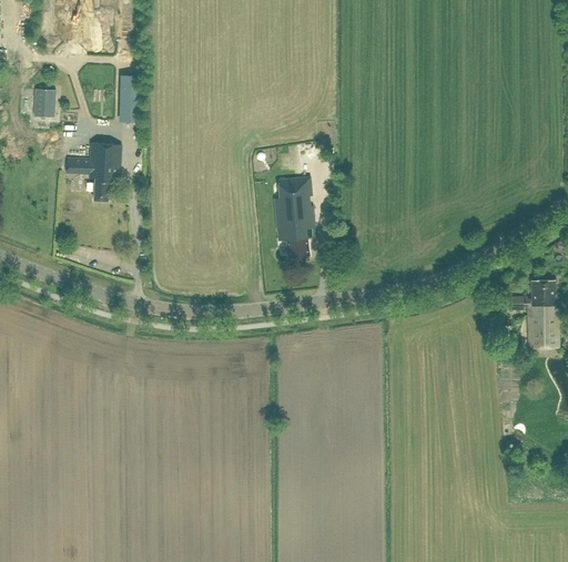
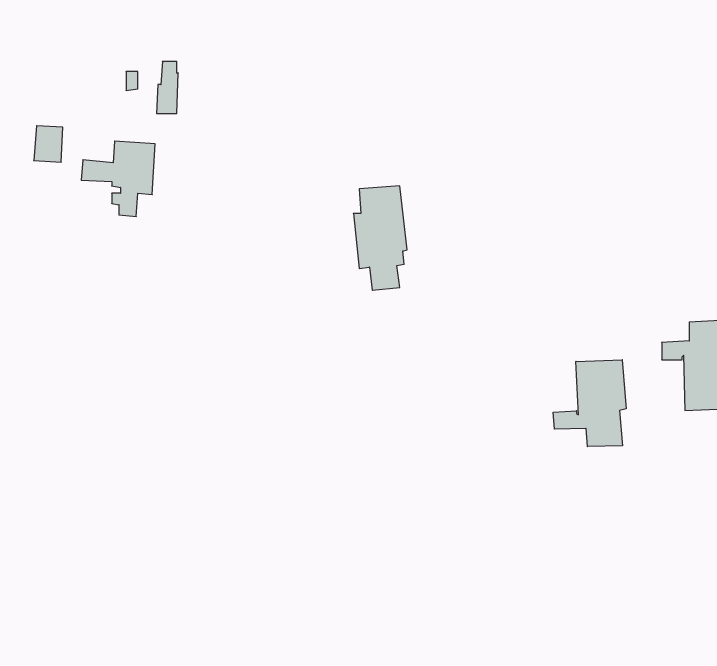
building: [32,88,54,115] -> [34,126,63,162]
building: none -> [553,360,626,447]

